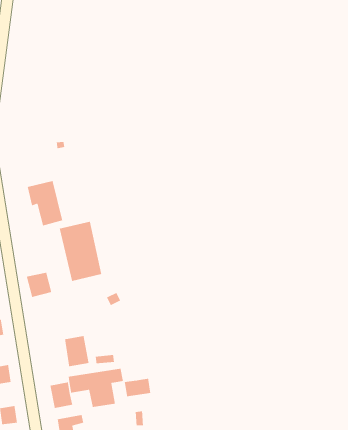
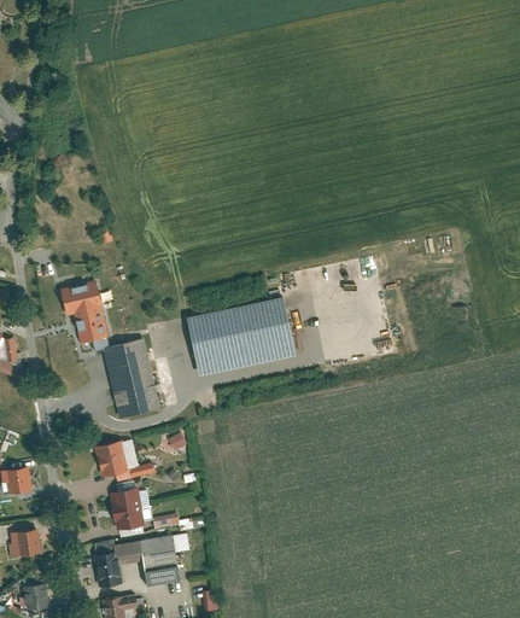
building: none -> [187,298,292,375]
building: [26,272,52,298] -> [94,441,129,476]
building: [124,378,151,397] -> none

